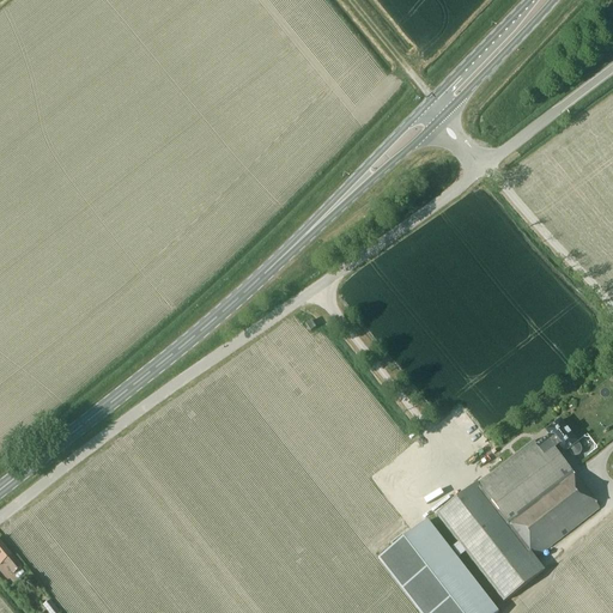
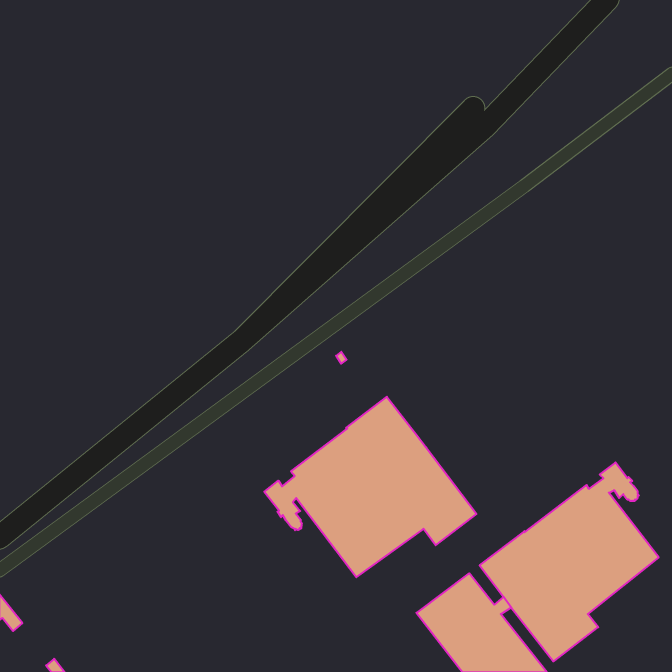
building: none -> [264,397,476,577]

